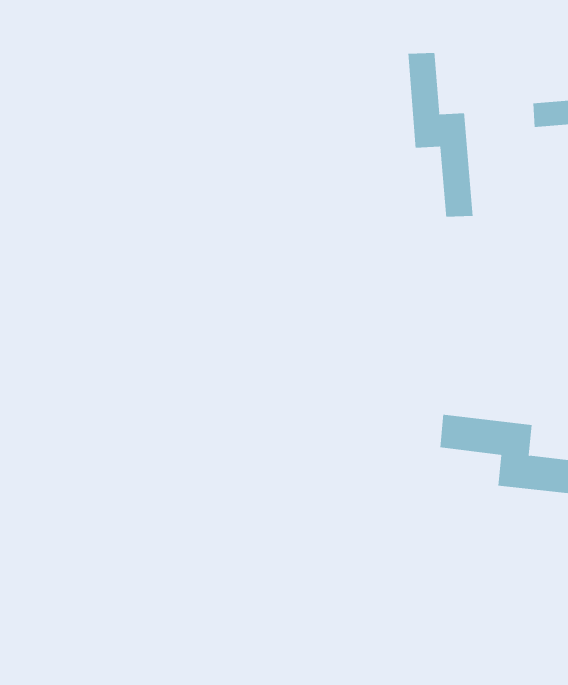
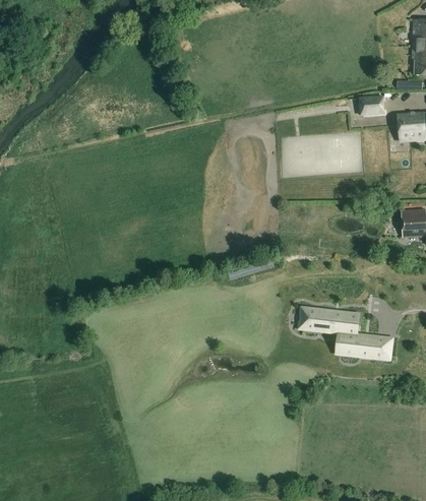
building: [408,52,473,218] -> none

